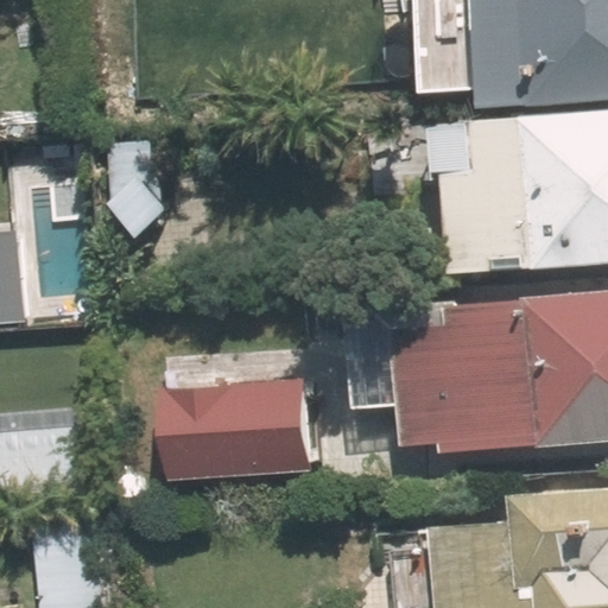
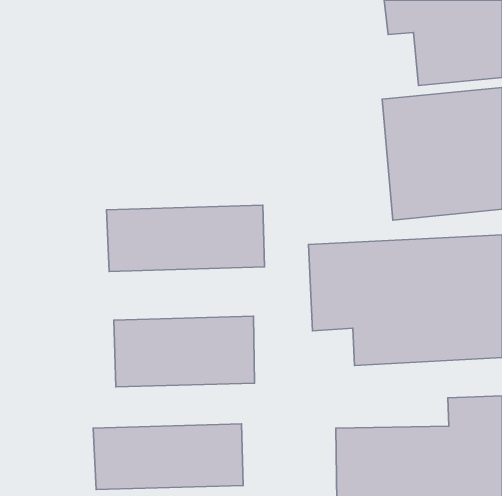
building: none -> [106,205,265,271]
building: none -> [93,424,243,490]

